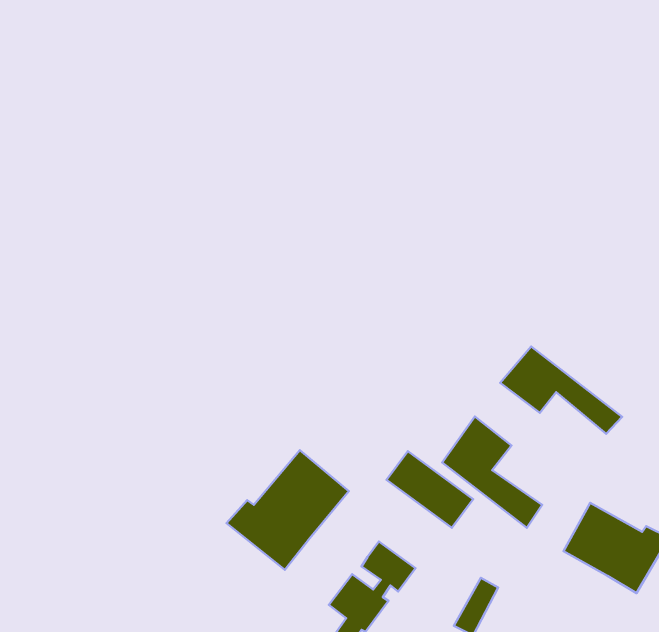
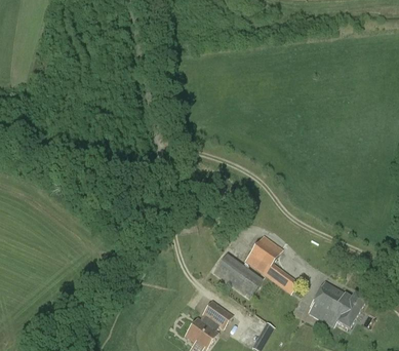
building: [500,347,622,434] -> none
building: [226,450,349,570] -> none

